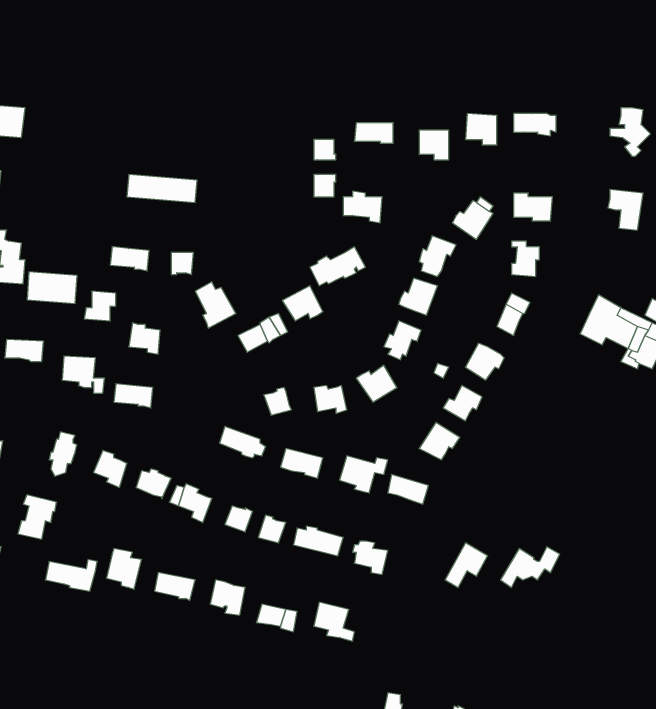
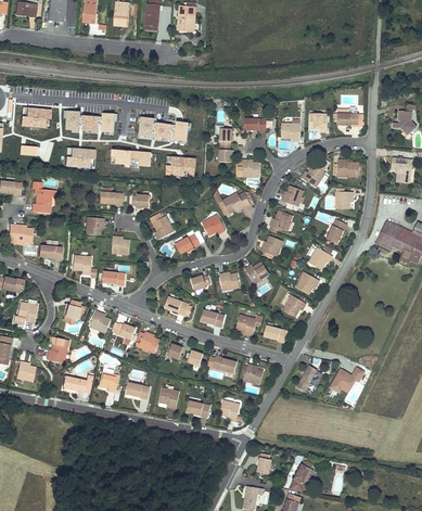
building: none -> [66,111,113,133]
building: none -> [139,117,188,143]
building: none -> [166,156,194,176]
building: [27,272,77,303] -> [64,148,93,166]

